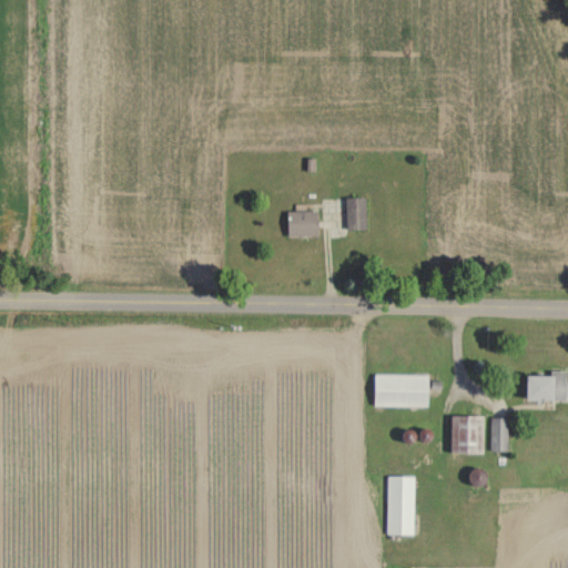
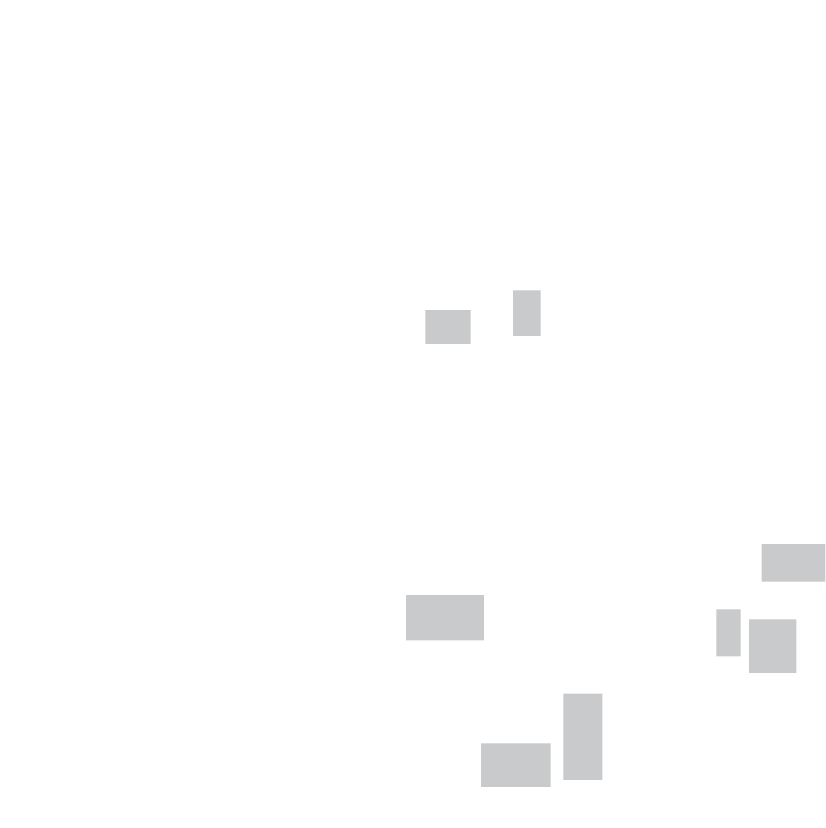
building: [374,374,428,406] -> [405,594,485,641]
building: [450,415,484,453] -> [748,619,797,674]
building: none -> [480,743,552,788]

